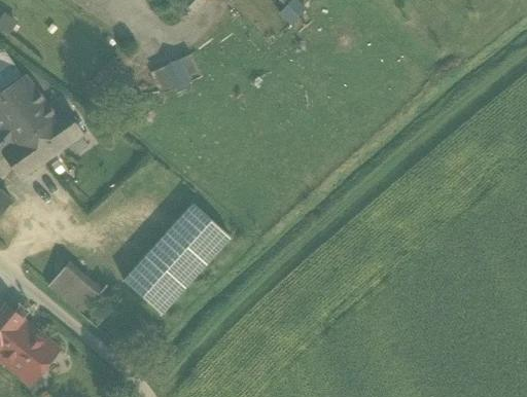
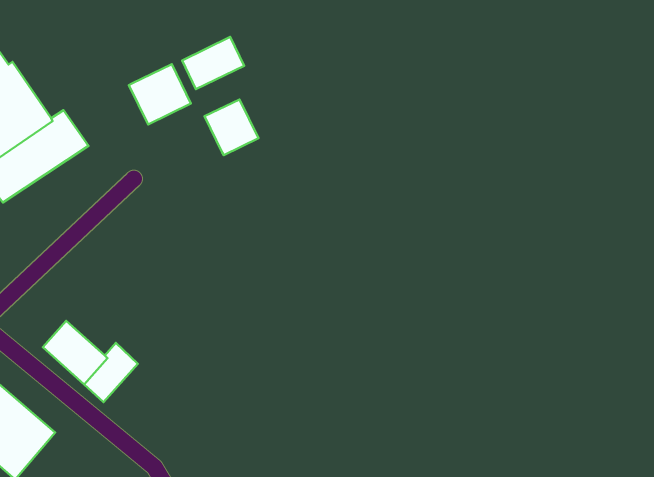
building: none -> [129,64,191,125]
building: none -> [205,99,258,155]
building: [124,202,231,314] -> none

